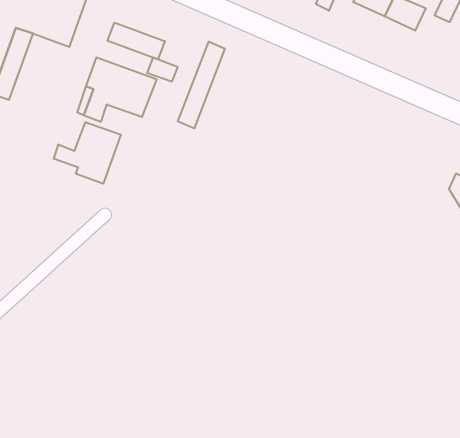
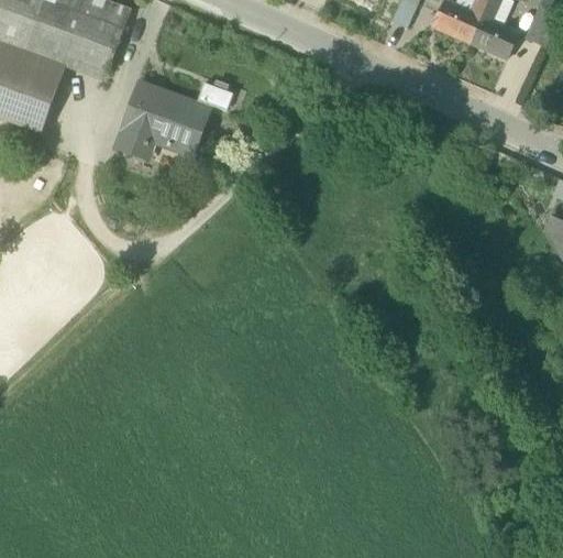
building: [108,23,165,59] -> none
building: [178,42,225,128] -> none
building: [54,122,121,184] -> none

